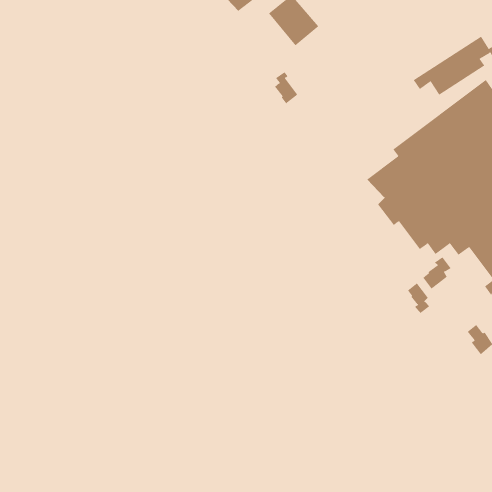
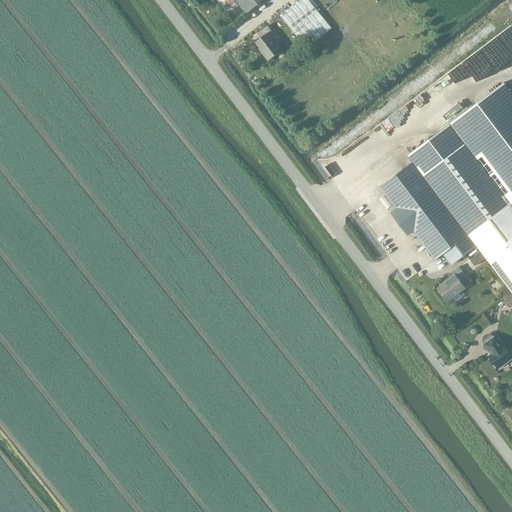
building: [274,71,298,104] -> [257,25,282,59]
building: [407,283,430,314] -> none

